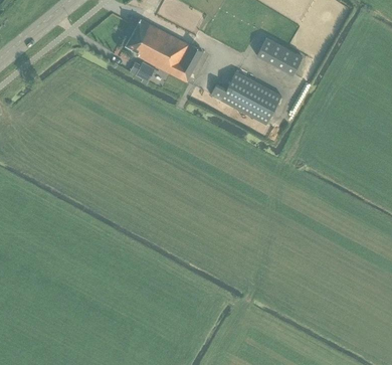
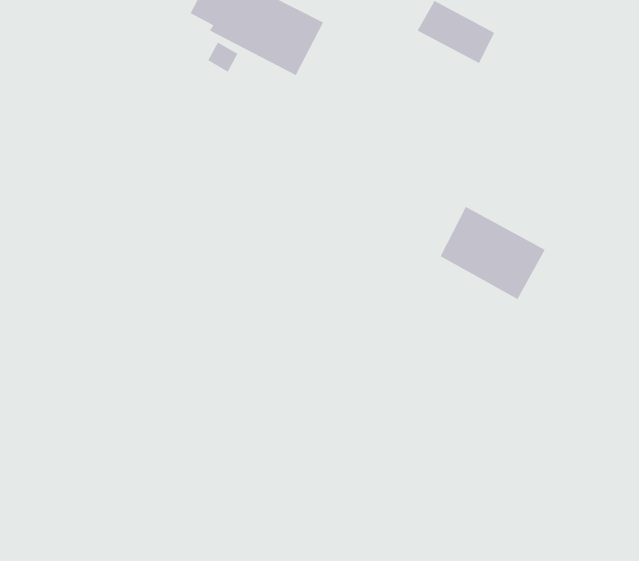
building: [220,70,281,125] -> [439,206,546,300]

